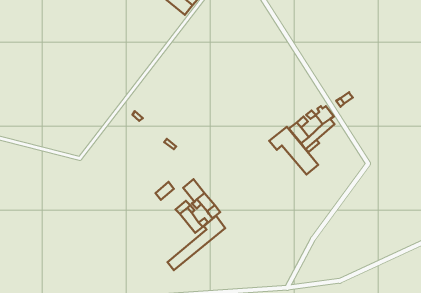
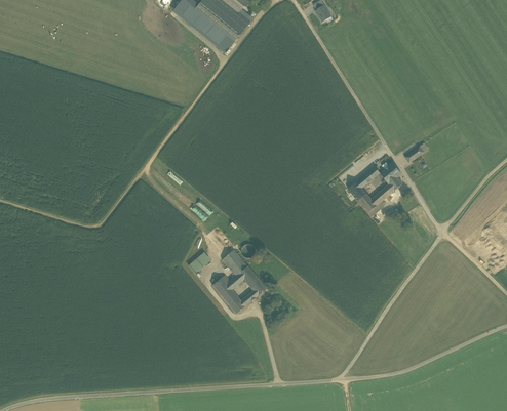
building: [269,127,318,174] -> none
building: [167,216,225,270] -> none

